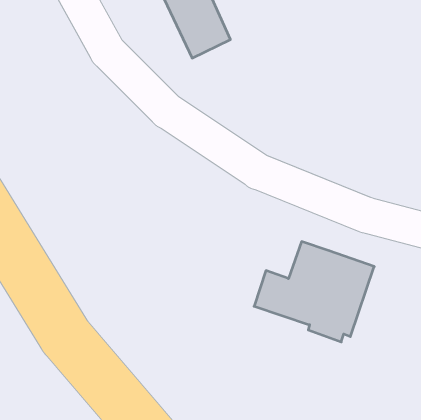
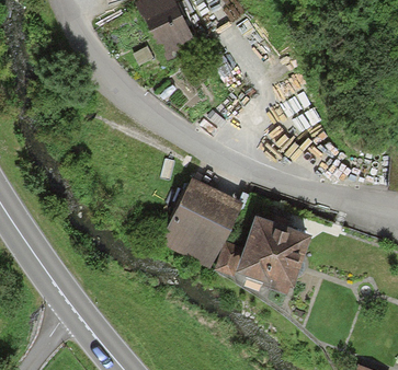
building: none -> [161,178,243,267]

